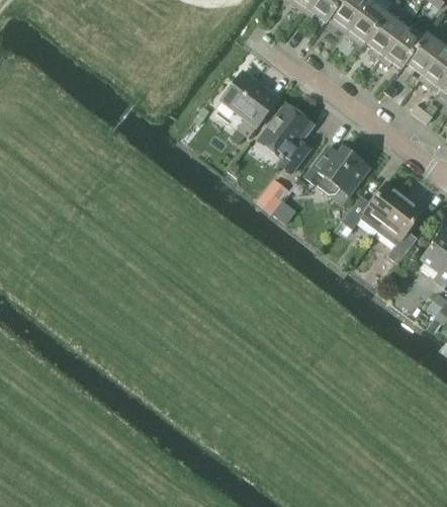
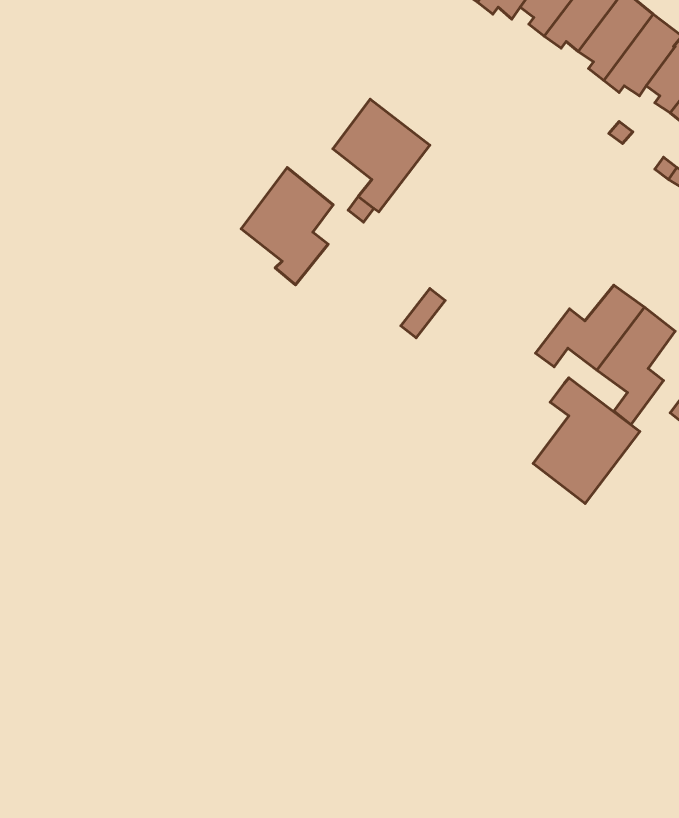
building: [259,102,314,172] -> [241,167,333,285]
building: [304,146,369,204] -> none
building: none -> [533,378,640,504]

